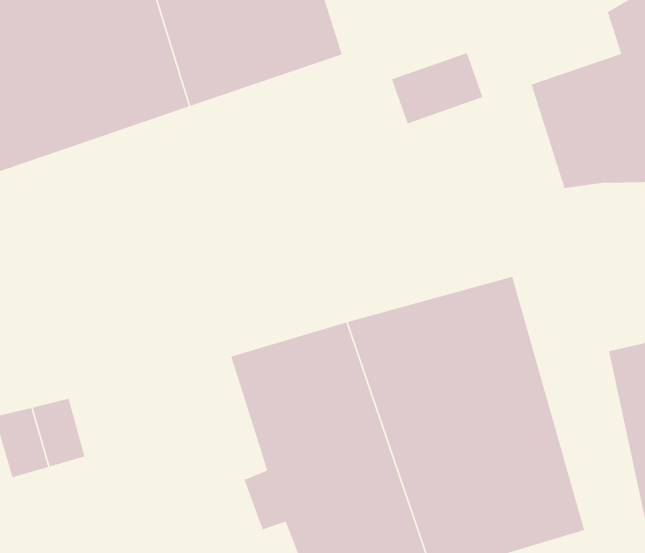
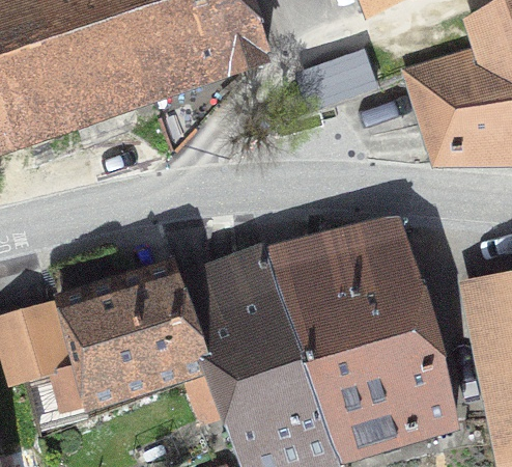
building: none -> [24,253,204,416]

